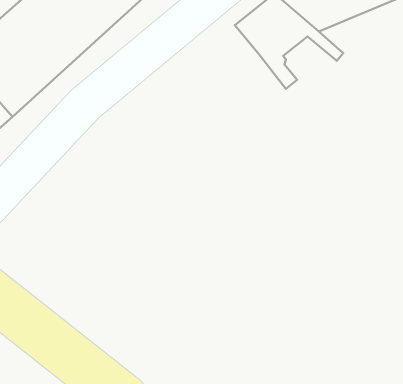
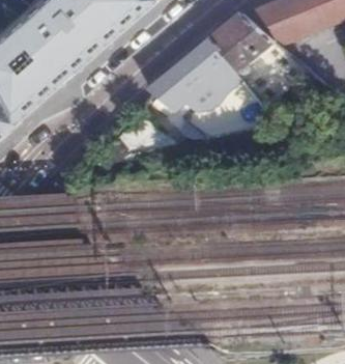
building: none -> [145,43,226,129]

